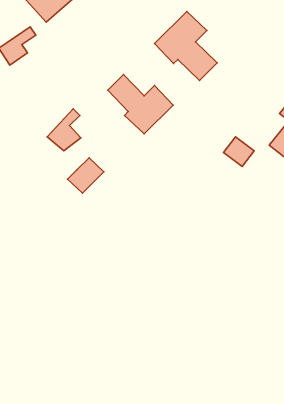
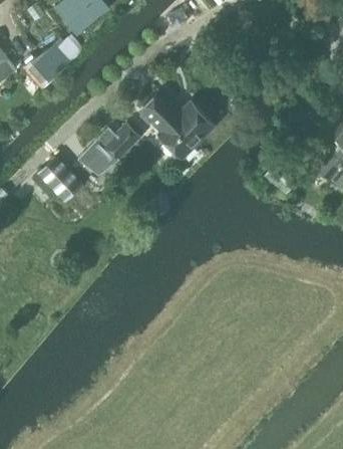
building: [155,11,217,80] -> none
building: none -> [36,159,77,200]
building: [68,158,104,193] -> [102,124,141,162]

